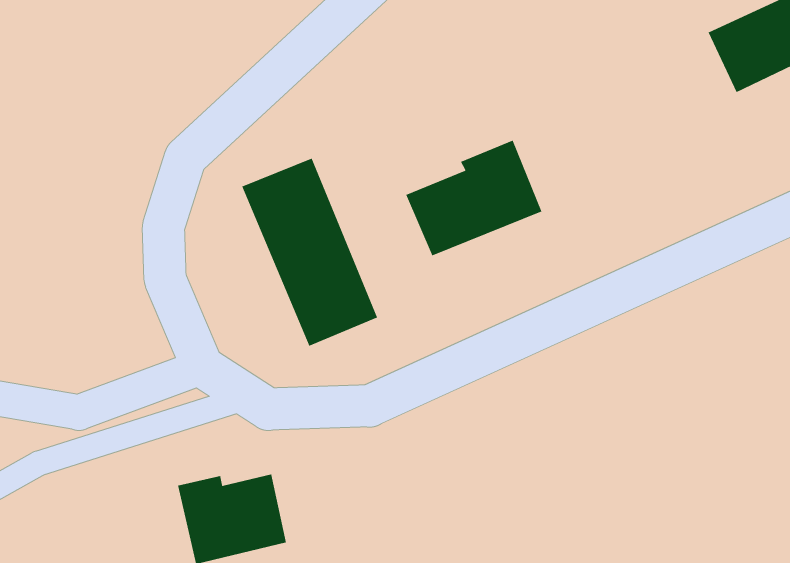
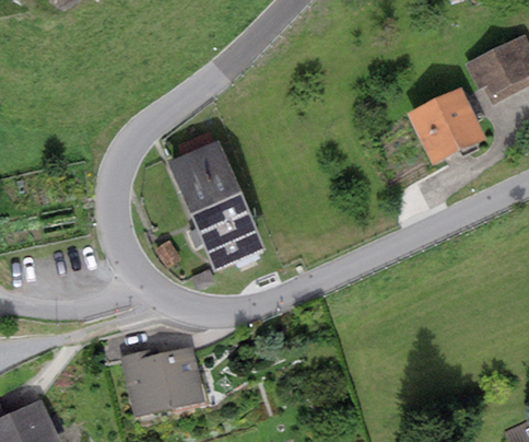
building: none -> [411,92,484,163]
building: [405,140,543,257] -> none

